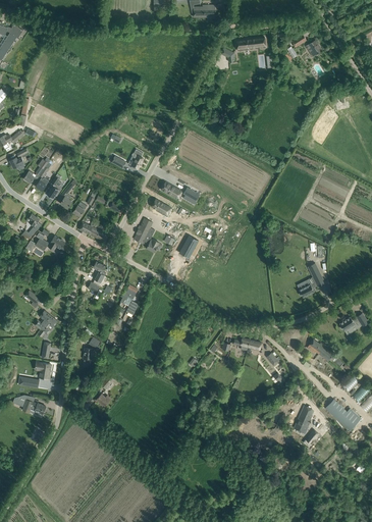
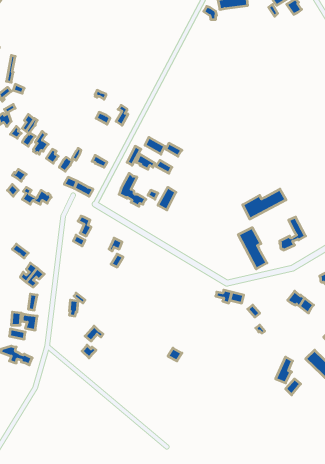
building: none -> [243,189,286,219]
building: none -> [238,228,267,269]

